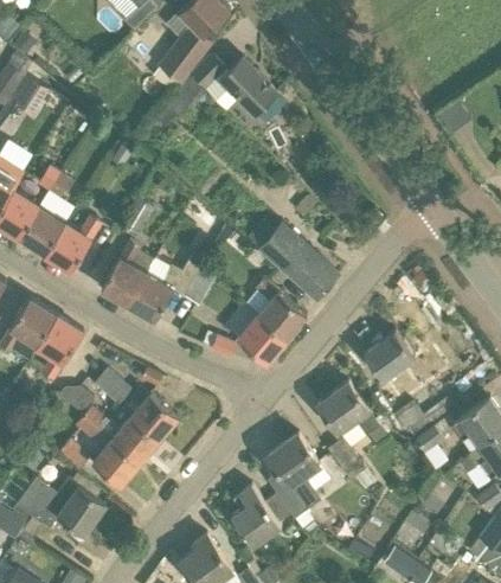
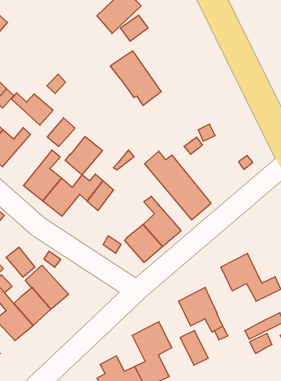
building: [217,58,285,124] -> [110,51,161,106]
building: none -> [11,93,53,125]
building: none -> [65,136,103,175]

